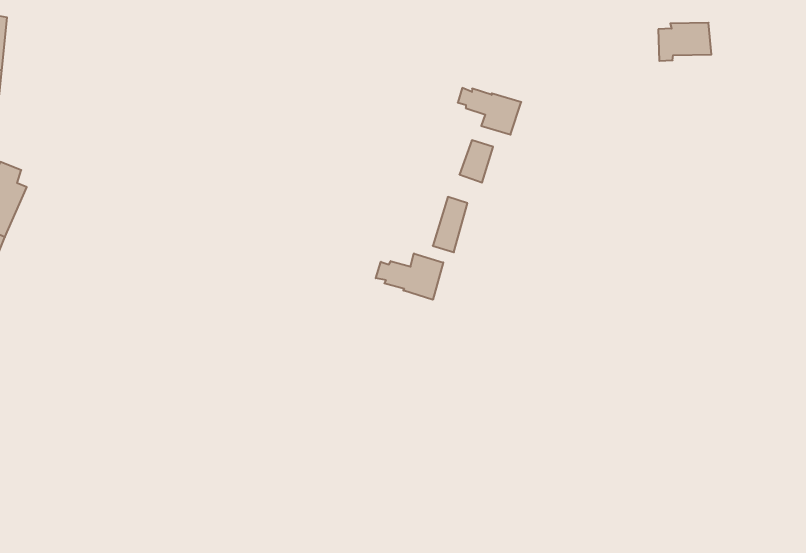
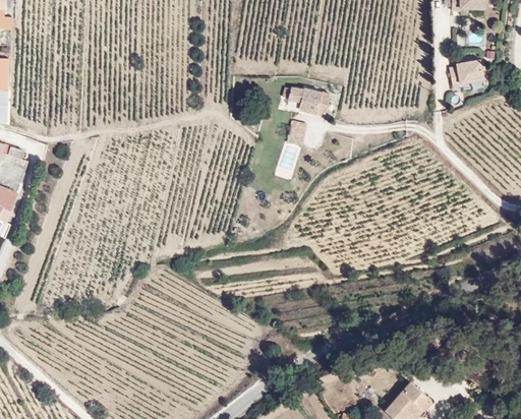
building: [658,23,711,61] -> [452,57,485,82]
building: [376,253,443,300] -> none

